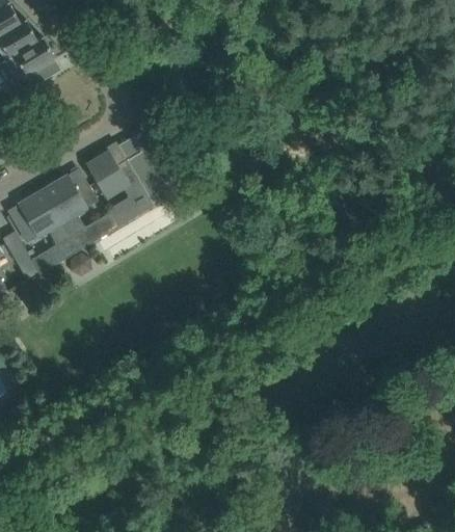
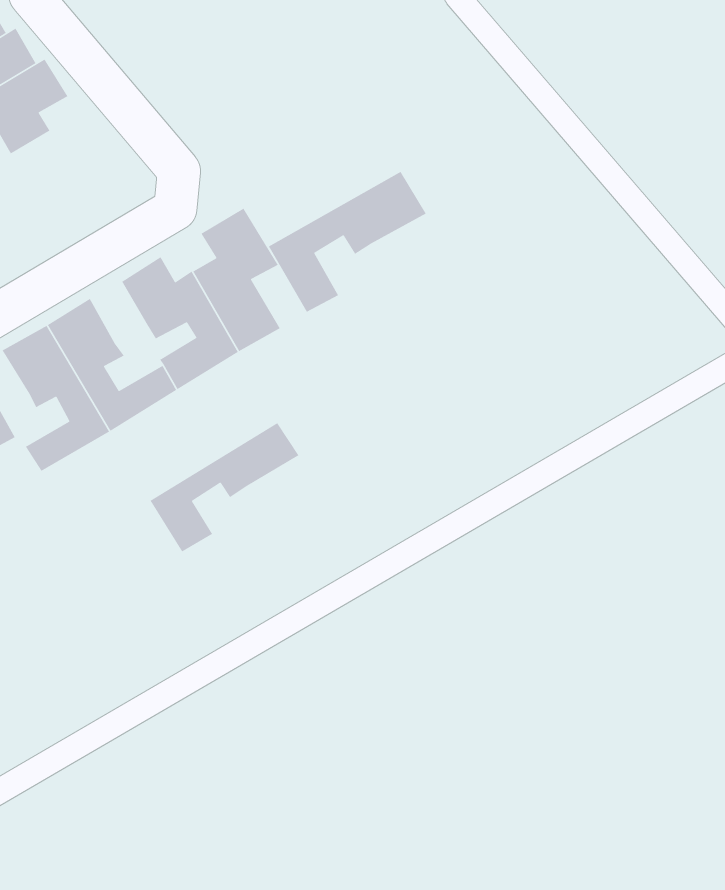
building: none -> [268,171,427,313]
building: none -> [149,422,299,552]

